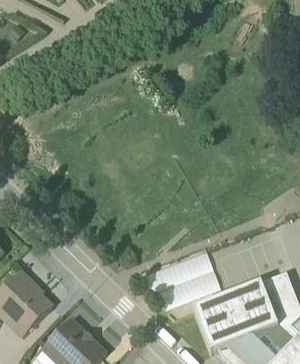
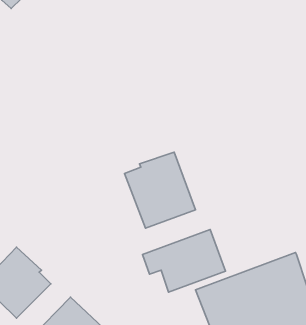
building: none -> [124,152,195,228]

